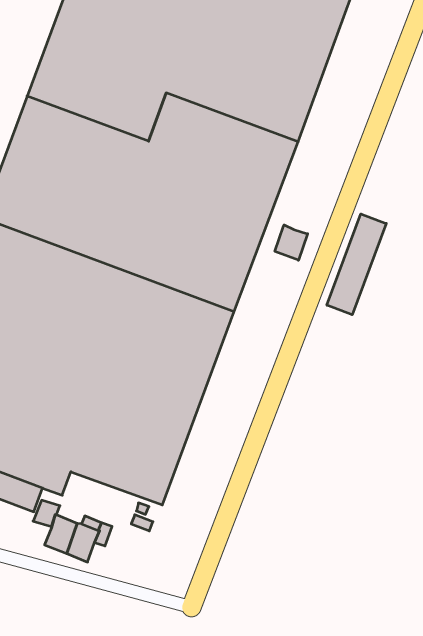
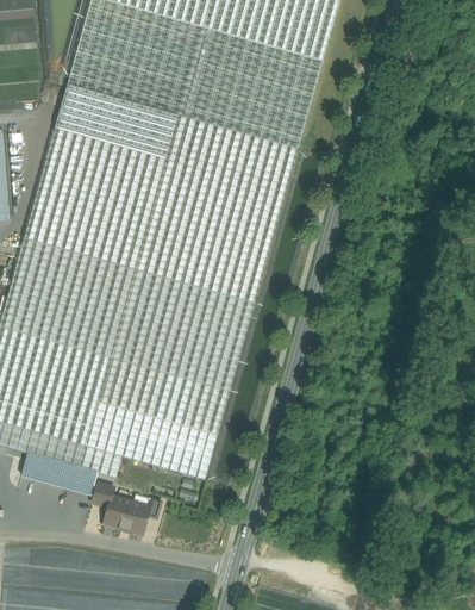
building: [327,214,386,315] -> none
building: [275,225,308,260] -> none

